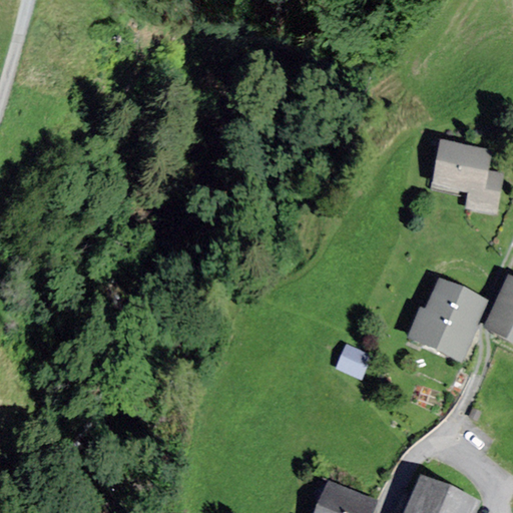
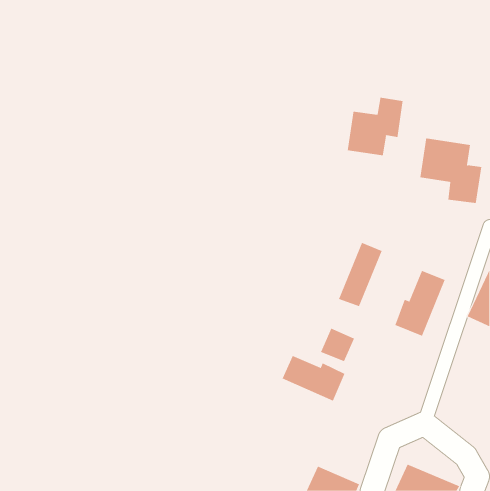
building: none -> [347,97,403,156]
building: [439,291,485,358] -> [338,242,383,307]
building: none -> [282,355,345,401]

